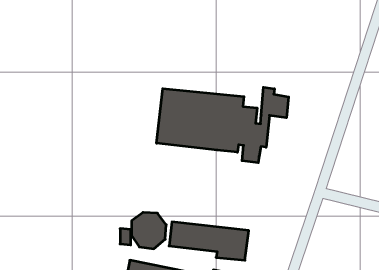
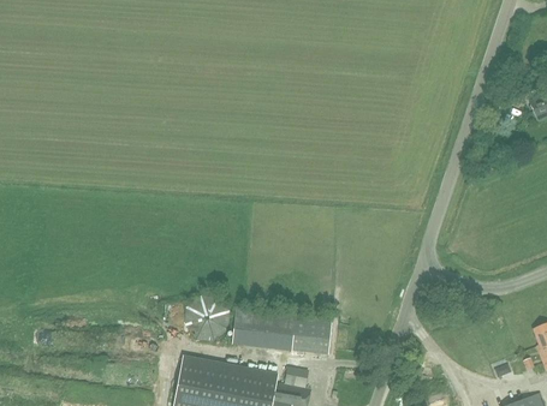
building: [157,87,289,163] -> none

